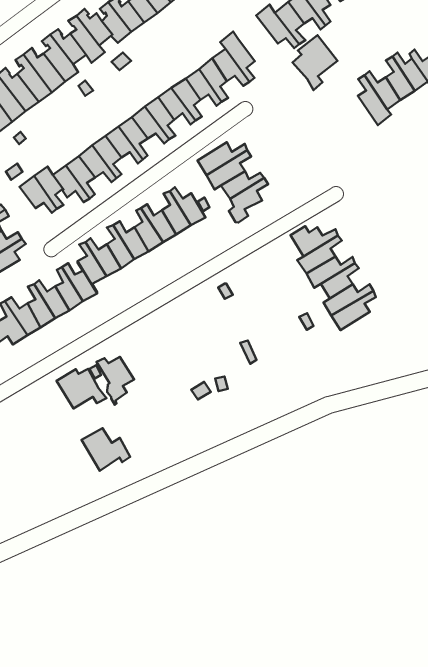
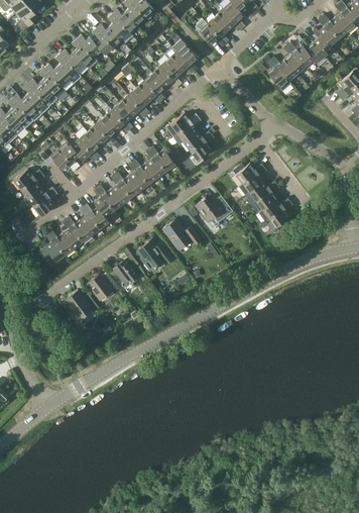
building: [293,35,337,90] -> none
building: none -> [196,196,233,229]
building: none -> [163,220,201,248]
building: none -> [137,240,173,271]
building: [82,428,130,471] -> [66,291,99,319]

